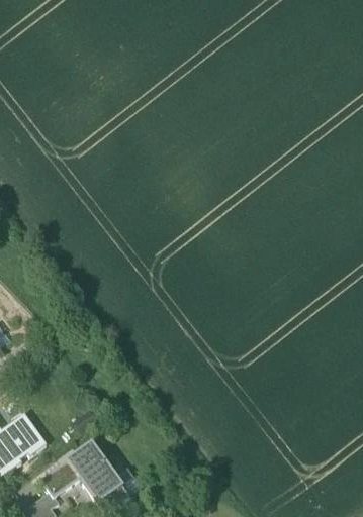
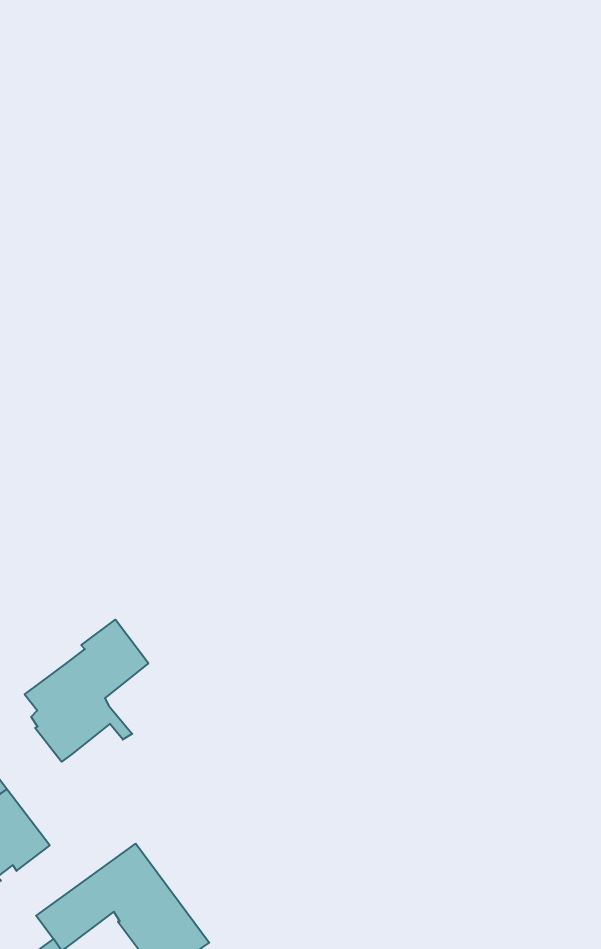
building: none -> [25,620,148,762]

